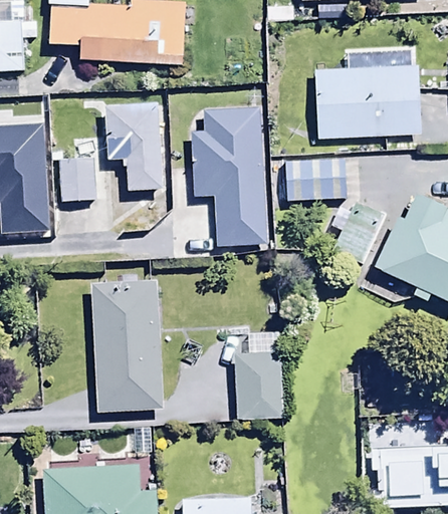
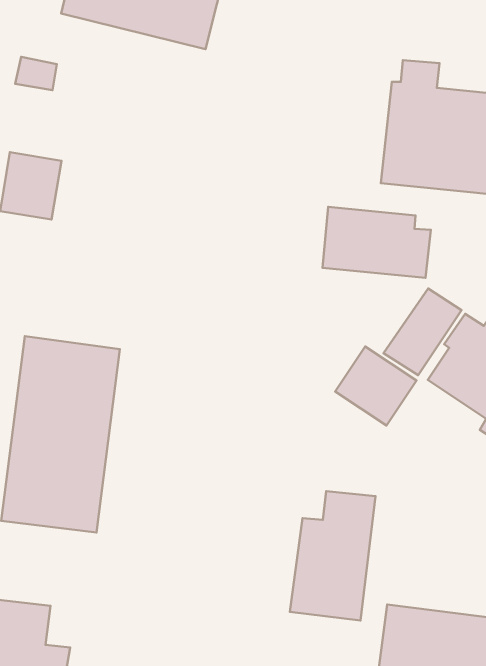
building: [106,103,165,191] -> none
building: [189,108,267,246] -> none
building: none -> [335,347,416,426]
building: [234,331,285,420] -> [290,491,375,621]

